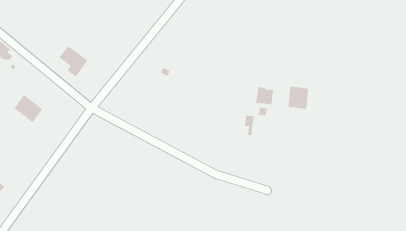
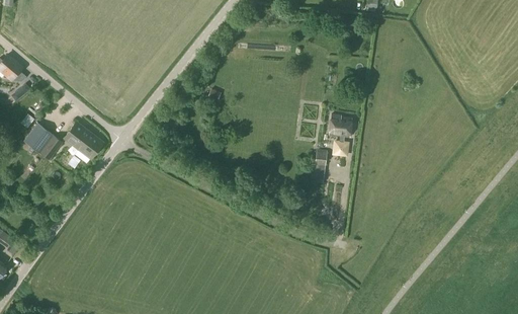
building: [59,45,88,78] -> [65,122,102,162]
building: [287,85,309,110] -> none

